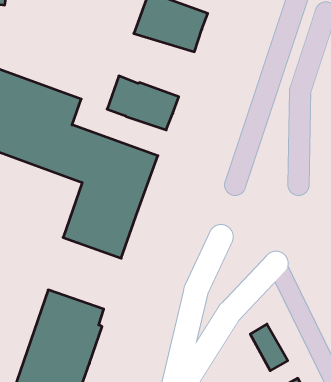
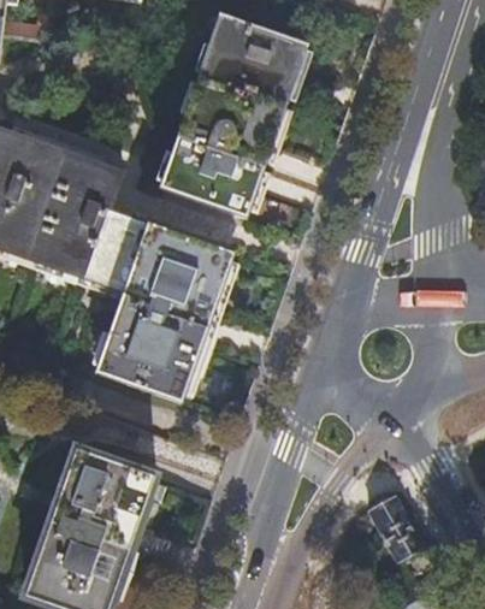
building: none -> [176,75,285,166]

